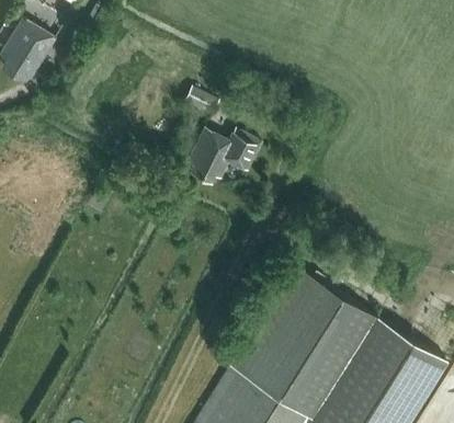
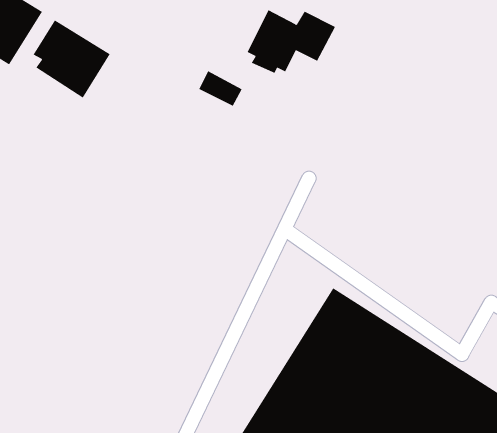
building: none -> [33,20,111,99]
building: [188,129,261,182] -> [247,10,336,74]

